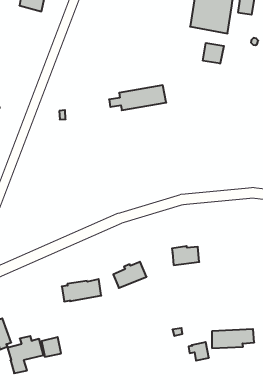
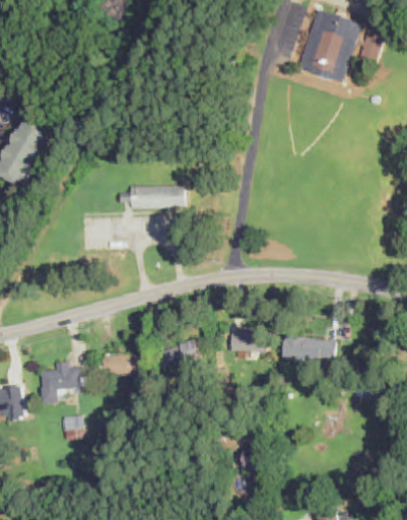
building: [203,43,224,64] -> none
building: [109,85,166,110] -> [117,185,185,207]
building: [212,329,254,348] -> [282,336,335,361]
building: [8,336,43,373] -> [39,362,80,403]

